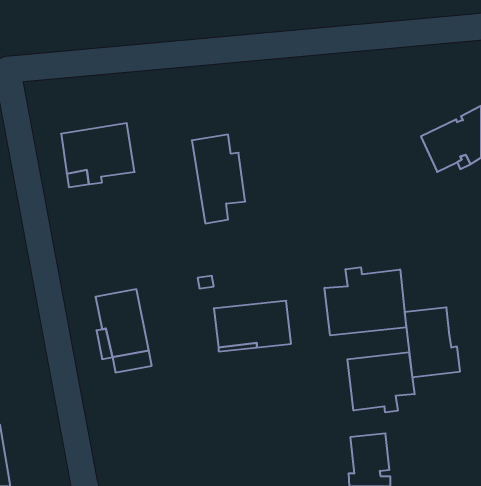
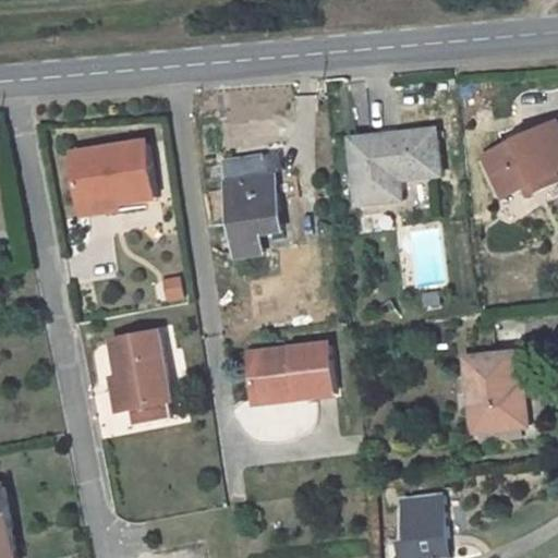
building: none -> [348,130,437,202]
building: [325,267,406,335] -> none
building: [347,352,415,412] -> none

